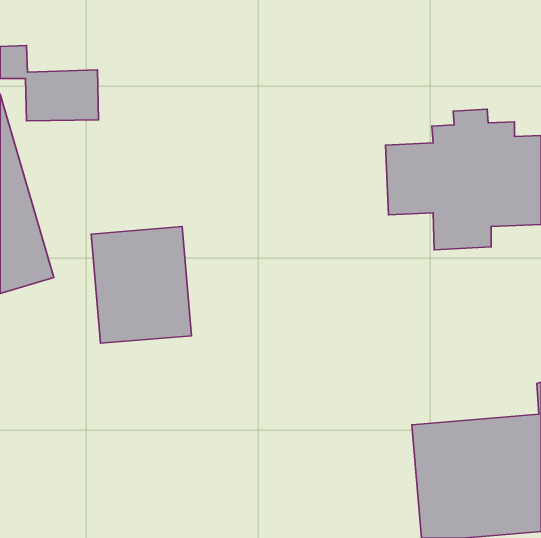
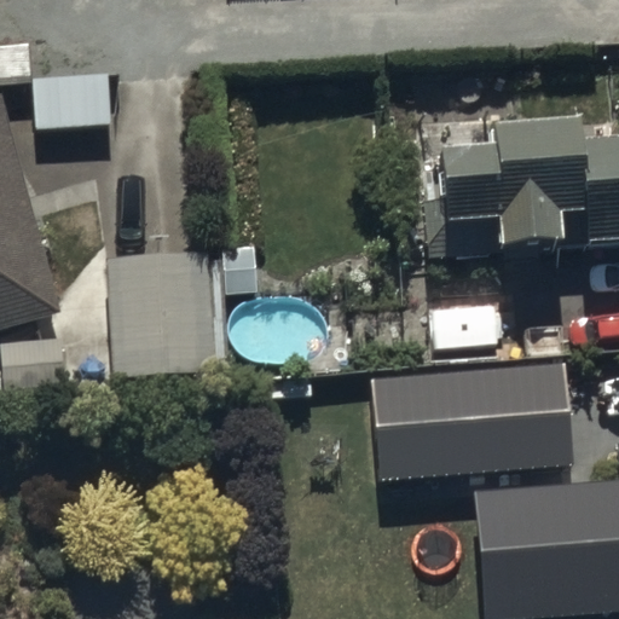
building: none -> [370,358,573,478]

